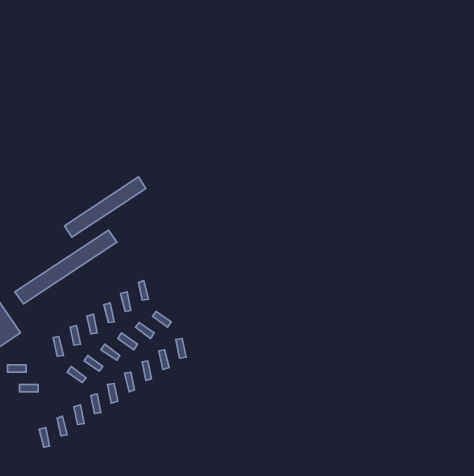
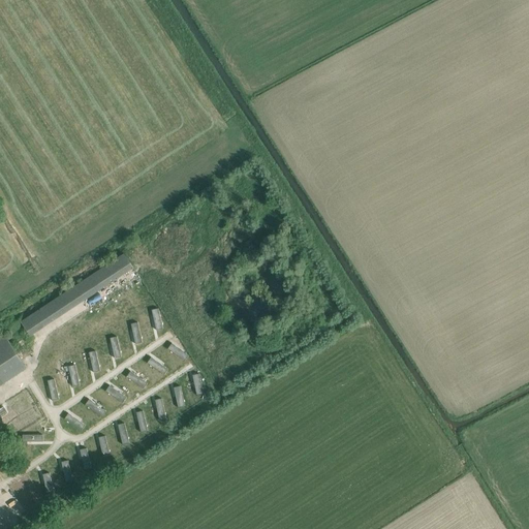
building: [64,177,146,237] -> none

